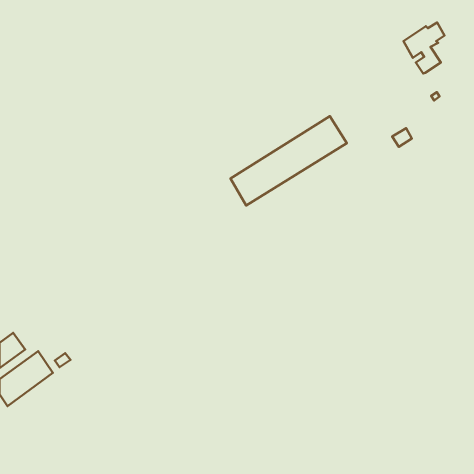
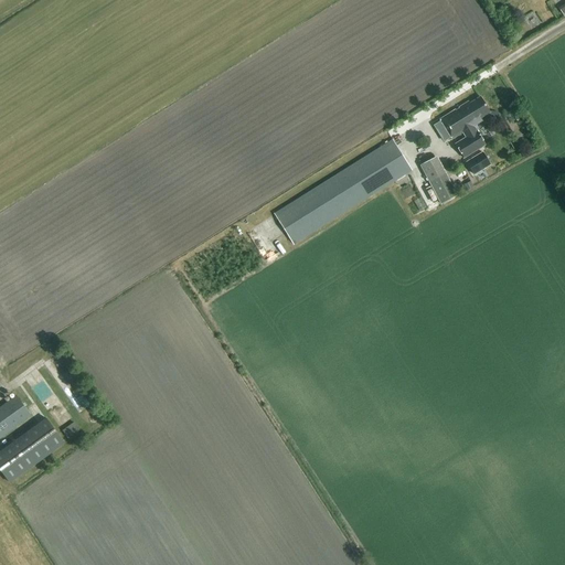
building: [404,23,445,74] -> [440,96,489,157]
building: none -> [419,156,456,203]

